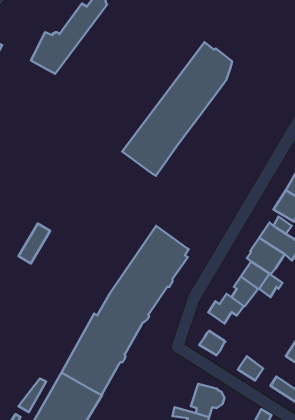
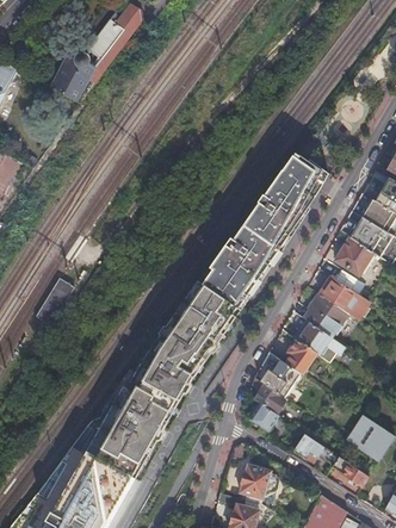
building: [122,42,232,176] -> [198,153,327,309]
building: none -> [252,377,287,415]

